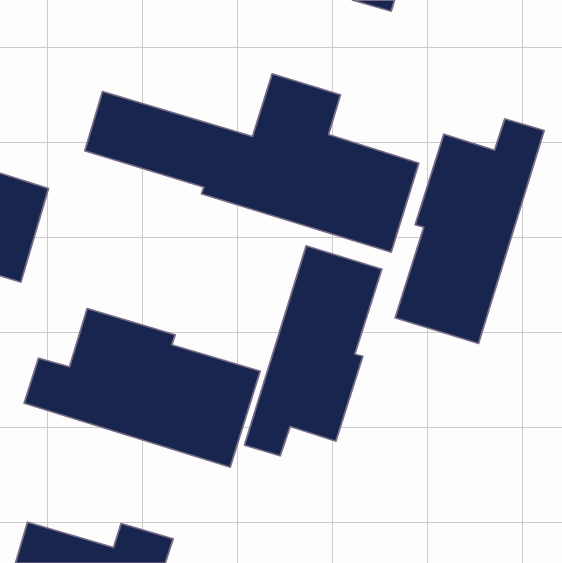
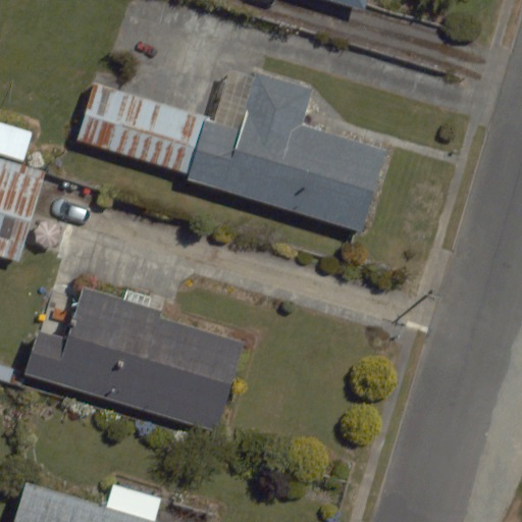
building: [395,119,544,343] -> none
building: [244,246,382,456] -> none

